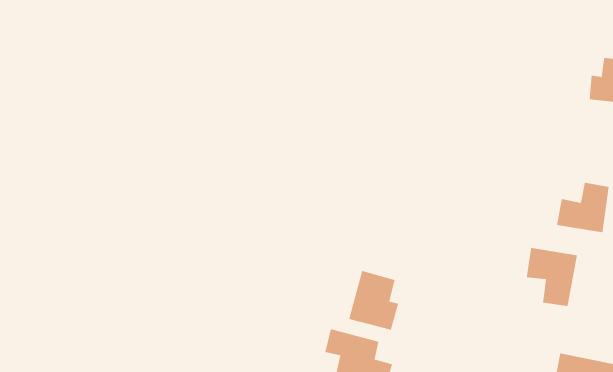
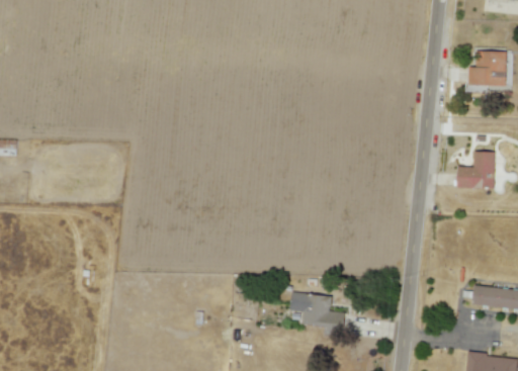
building: [526,247,578,307] -> none
building: [348,270,399,331] -> none

